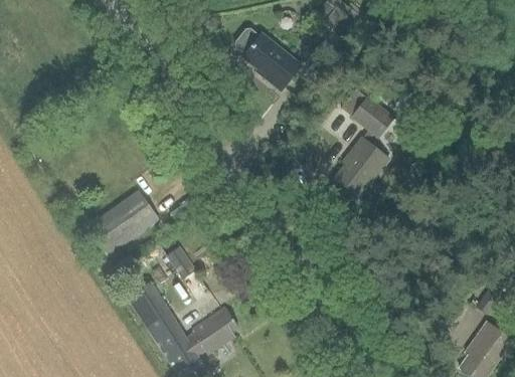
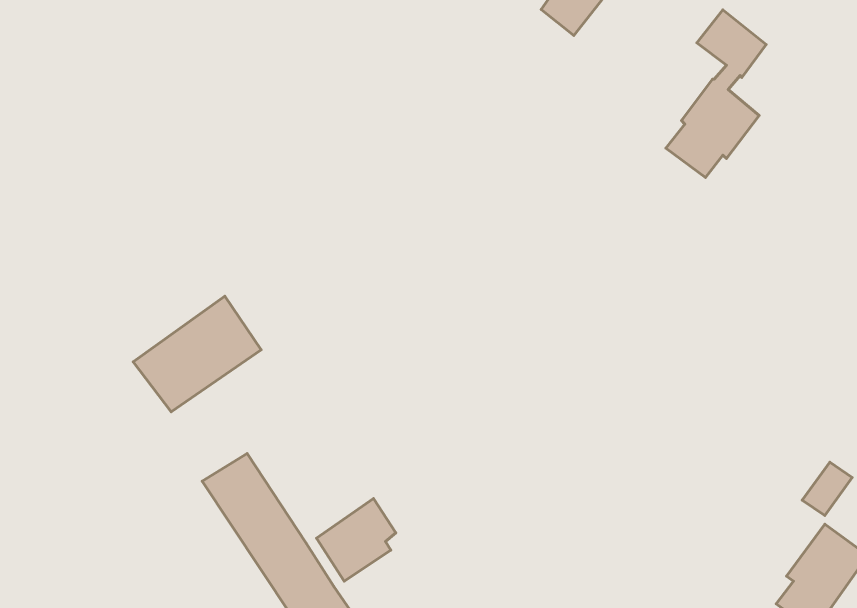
building: [235,28,301,89] -> none
building: [334,97,392,194] -> [666,10,766,178]
building: [166,244,197,278] -> none

